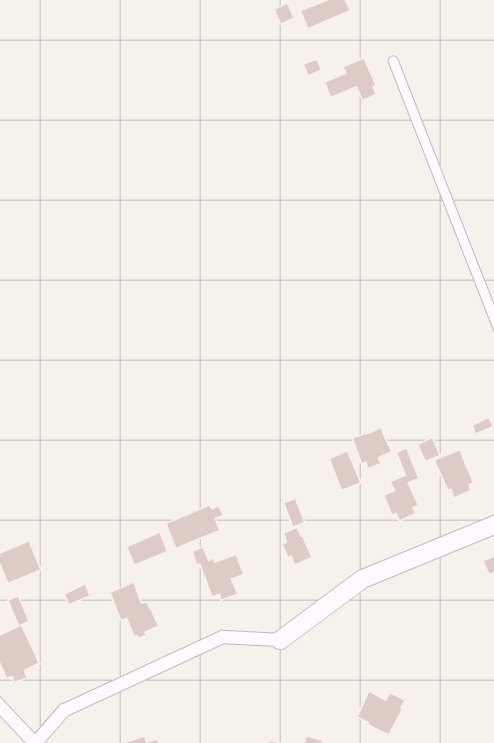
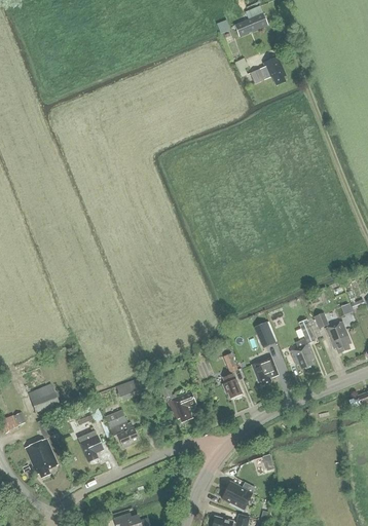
building: [352,427,392,468] -> [251,356,278,384]
building: [166,505,224,548] -> none
building: none -> [77,429,102,460]
building: [357,691,405,735] -> [221,481,254,511]

